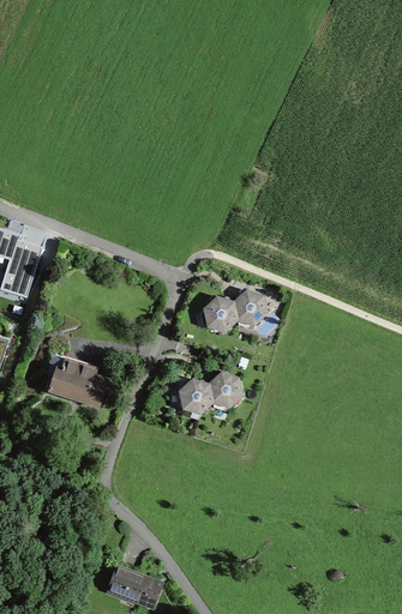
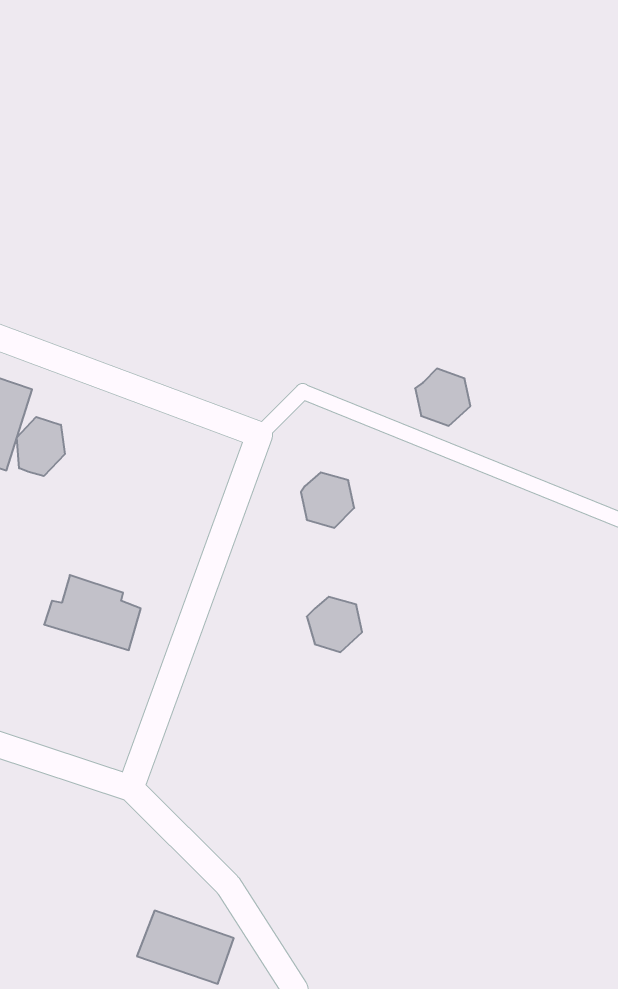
building: none -> [17,417,65,476]
building: [233,290,266,325] -> [415,369,470,426]
building: [179,379,212,414] -> none

